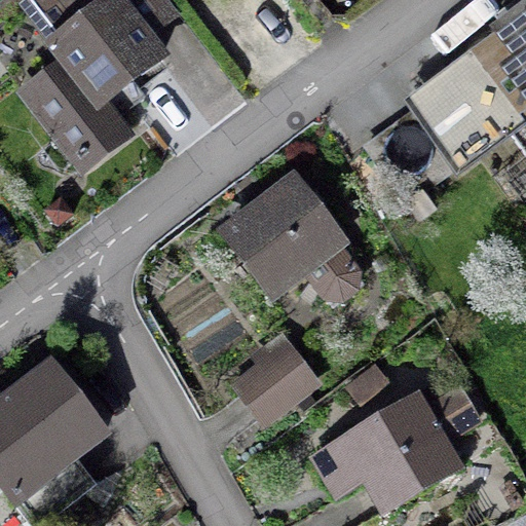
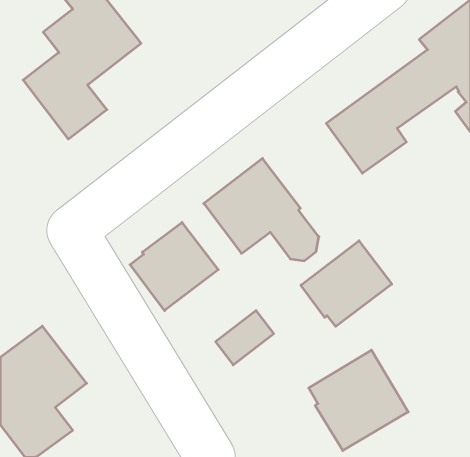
building: none -> [130,222,218,311]
building: none -> [301,241,392,326]

